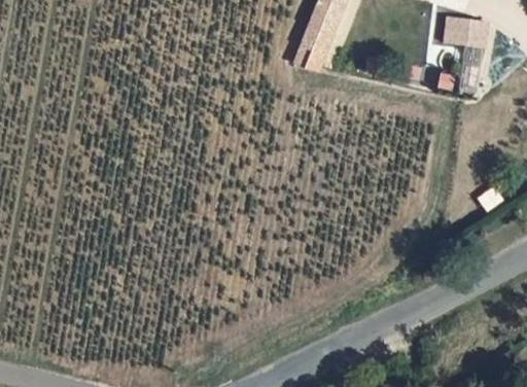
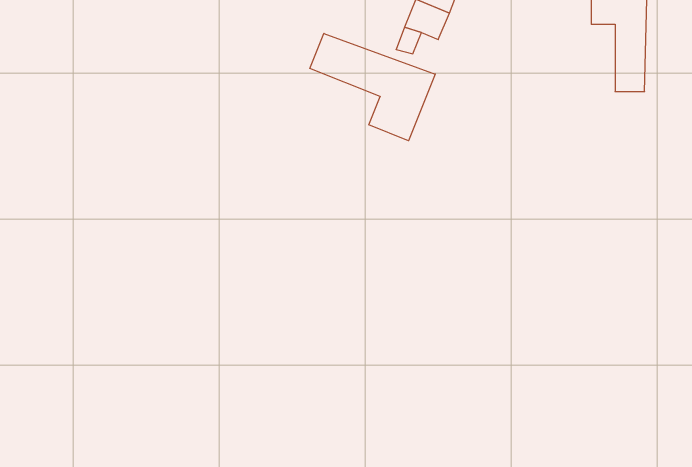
building: none -> [310,33,435,141]

